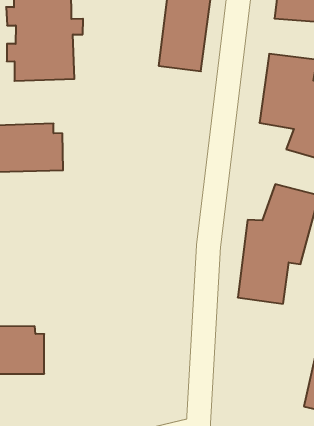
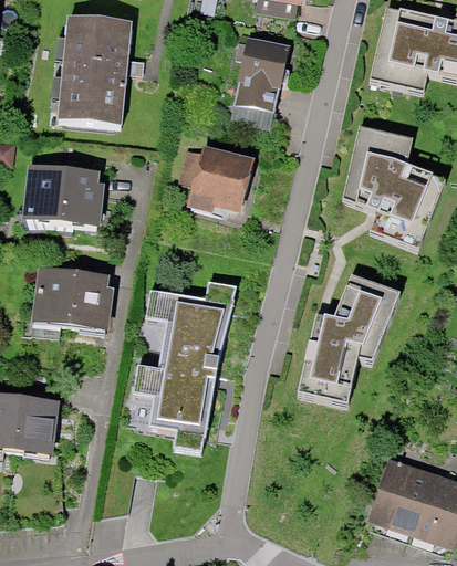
building: none -> [189,144,263,216]
building: none -> [32,268,120,335]
building: none -> [134,286,233,429]

